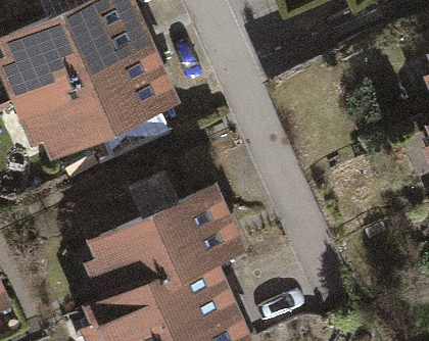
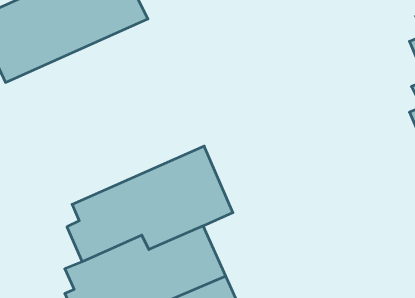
building: [17,52,185,166] -> none

